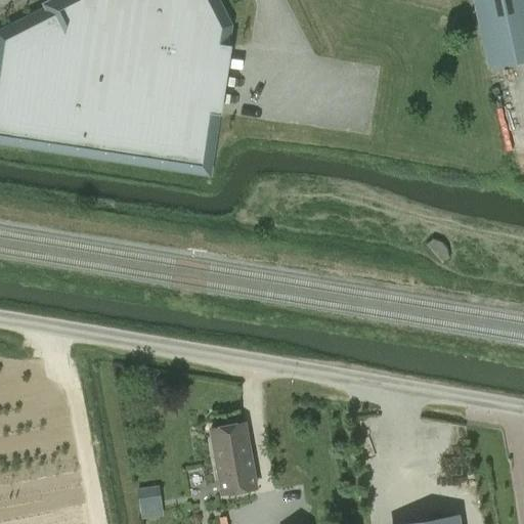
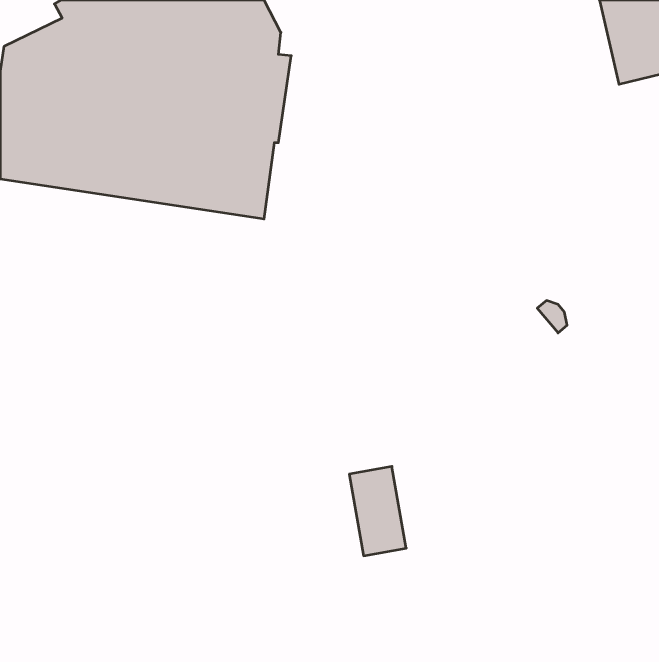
building: [212,423,257,493] -> [349,466,406,556]
building: [139,486,164,518] -> none

